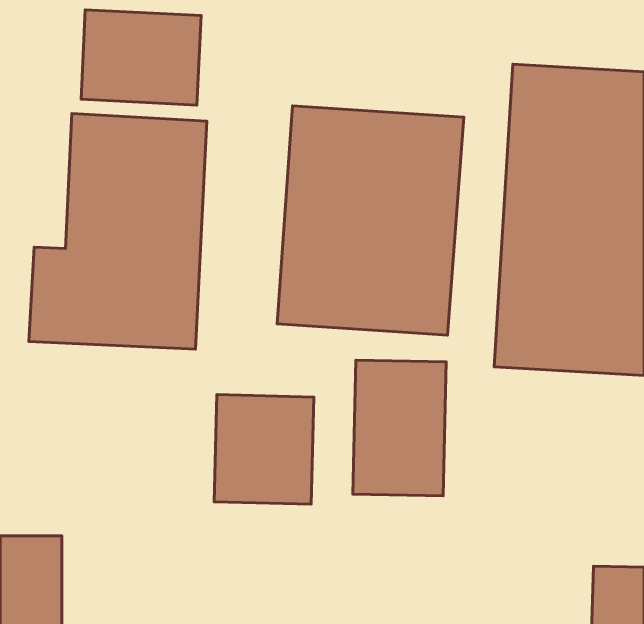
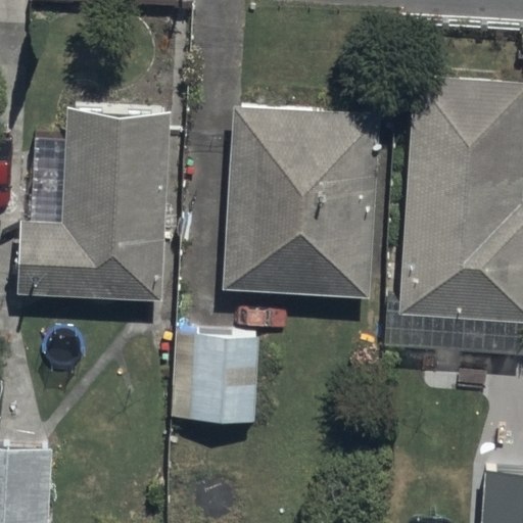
building: [81,10,201,105] -> none
building: [353,360,446,496] -> none

